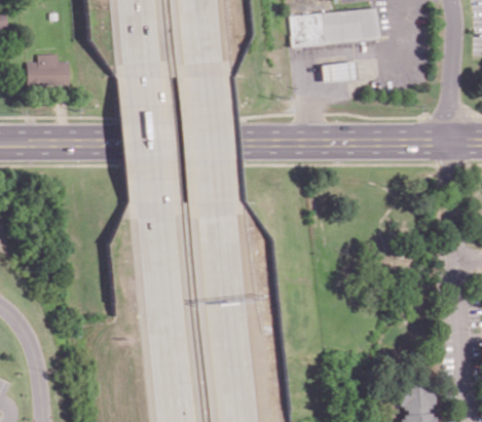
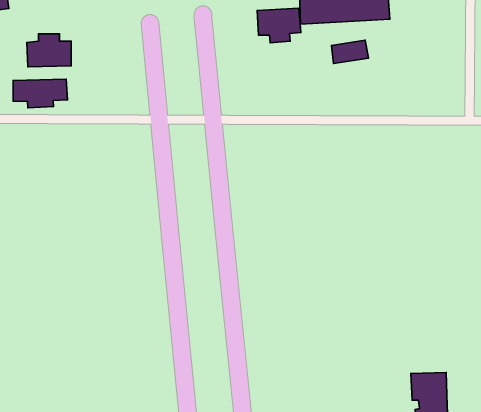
building: none -> [257,8,301,43]
building: none -> [13,79,68,108]

